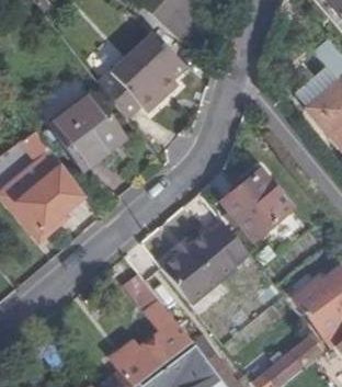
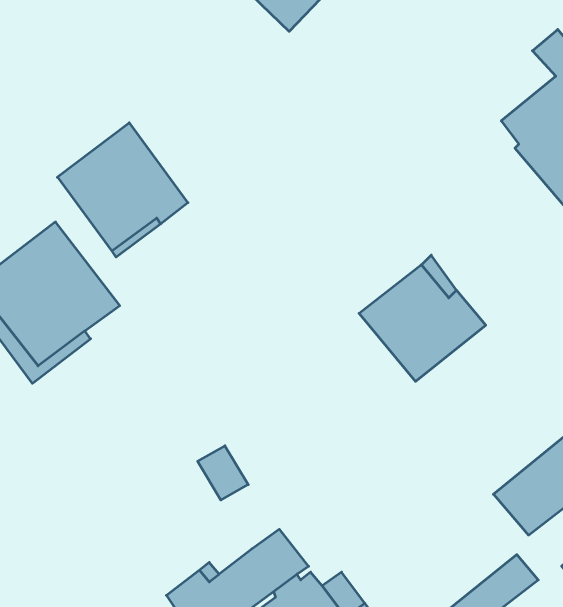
building: [98,32,184,118] -> none
building: [160,214,249,299] -> none

